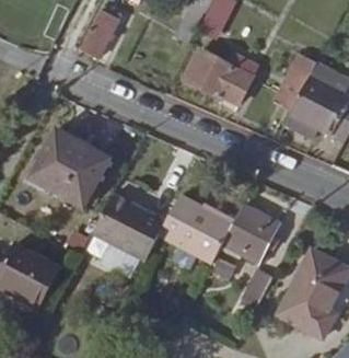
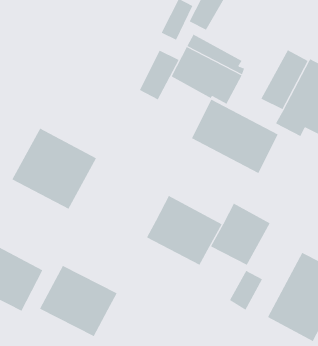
building: [80,10,119,59] -> [139,50,179,100]
building: none -> [191,99,279,174]
building: [91,193,167,263] -> [39,265,118,337]

